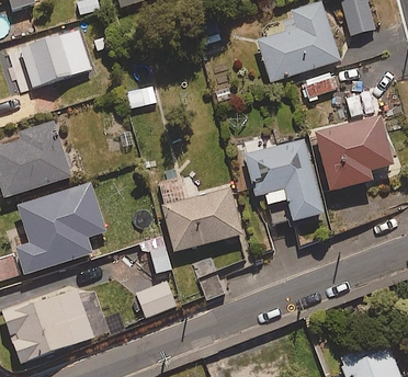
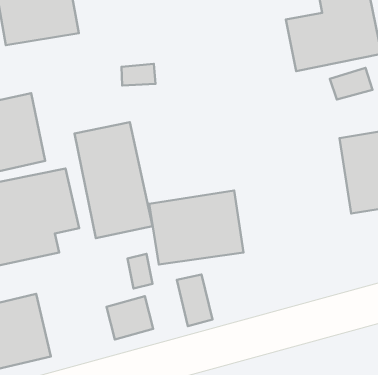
building: none -> [74,122,152,238]
building: [245,138,325,228] -> none

